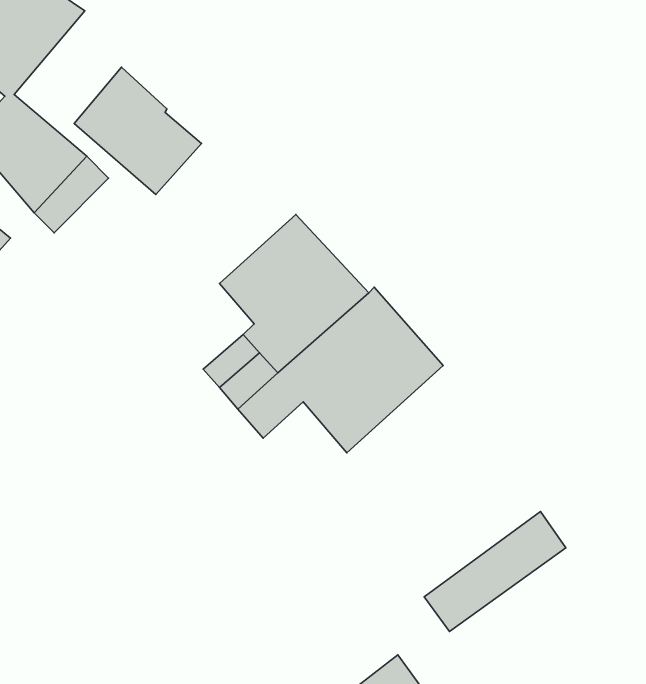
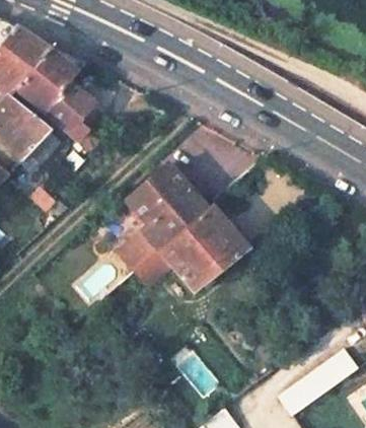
building: none -> [16,49,78,112]
building: [424,511,566,632] -> [278,348,357,415]

